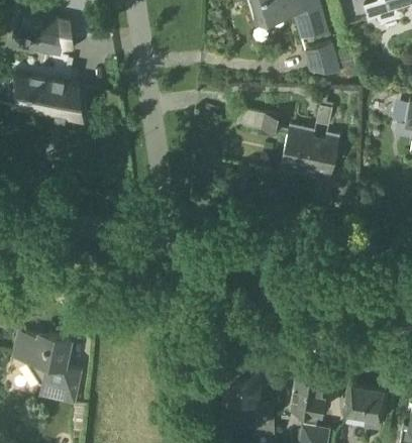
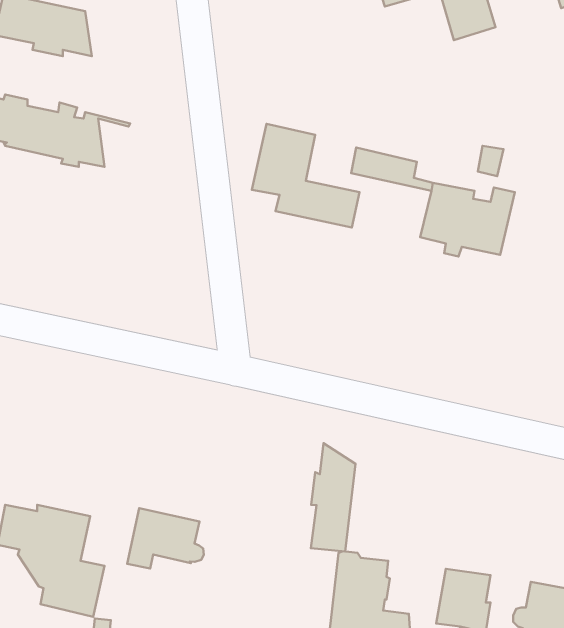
building: [305,43,347,73] -> none
building: none -> [252,124,360,227]
building: none -> [311,443,355,551]
building: none -> [127,508,204,568]

